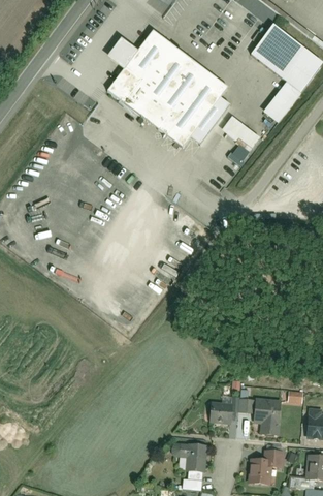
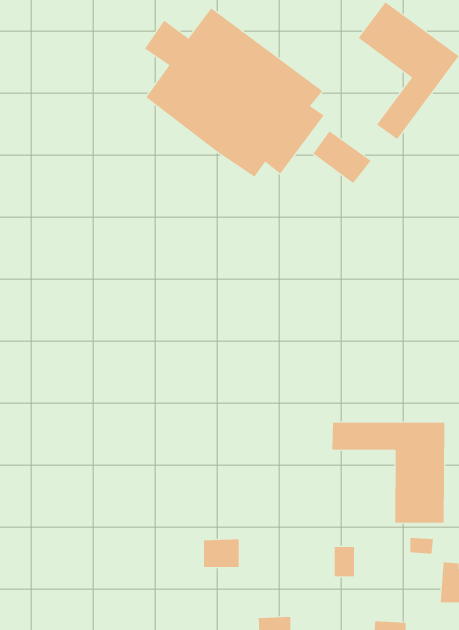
building: none -> [332,422,445,523]
building: [254,398,280,424] -> none
building: [206,401,231,421] -> [203,539,239,568]

